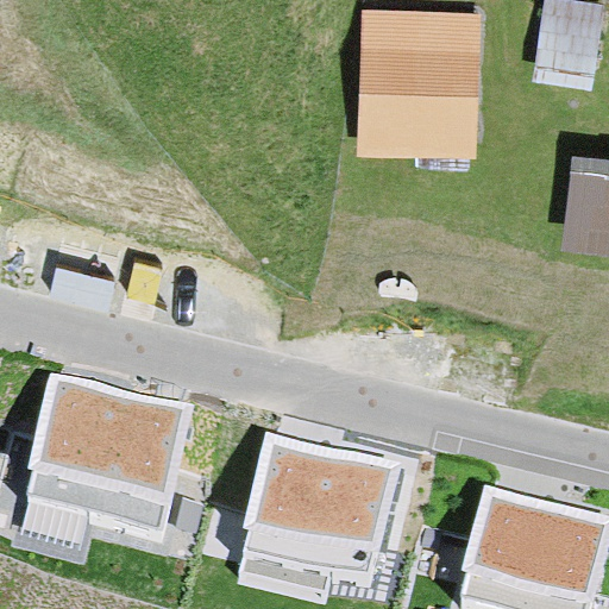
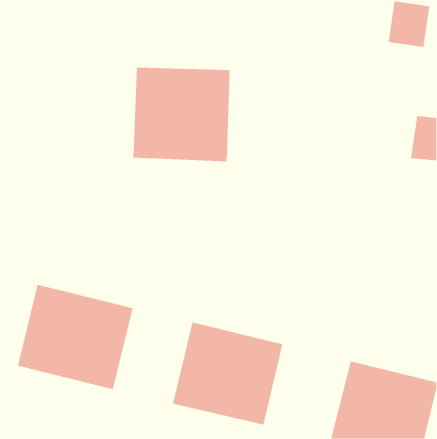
building: [360,8,472,144] -> none
building: none -> [133,67,230,162]

